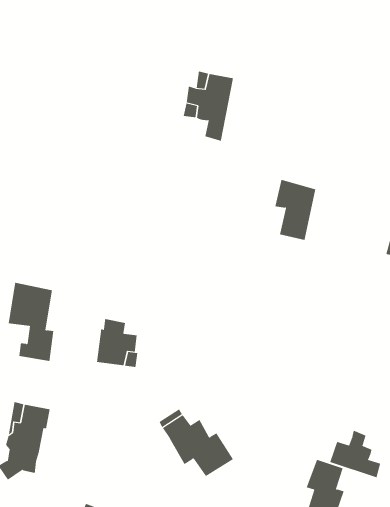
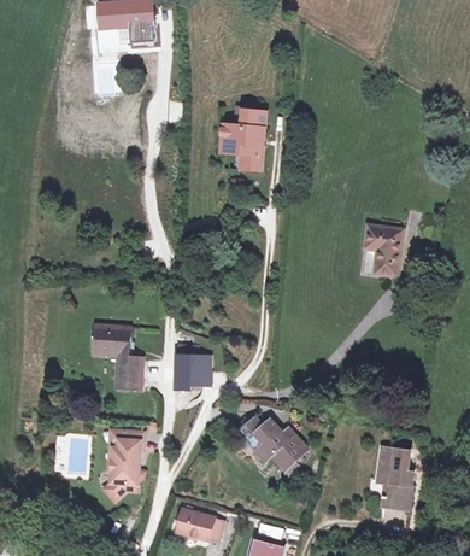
building: [275,179,316,241] -> [368,229,403,281]
building: [330,430,381,478] -> none

